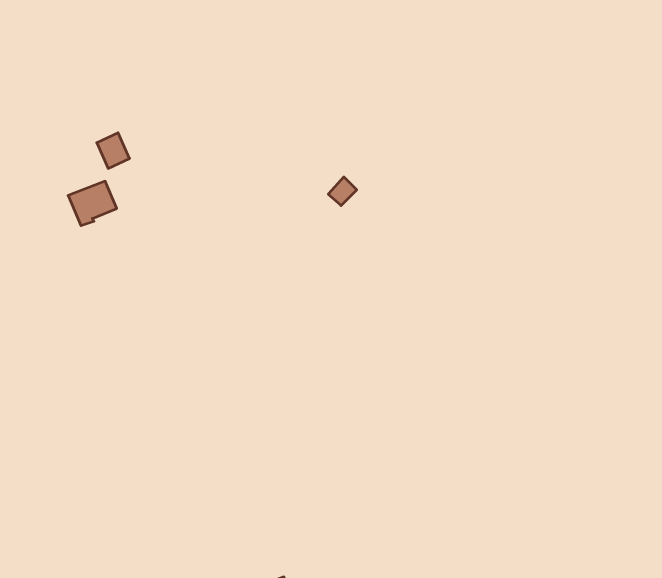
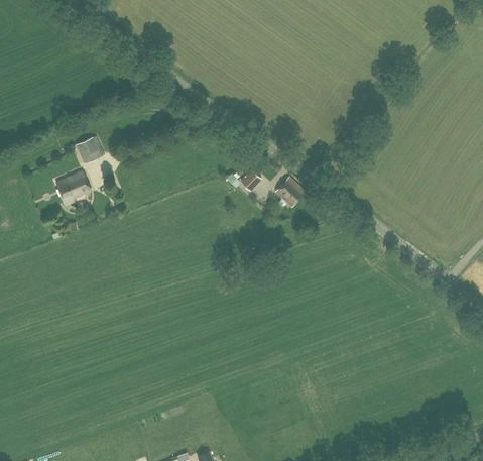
building: none -> [275,177,306,208]

